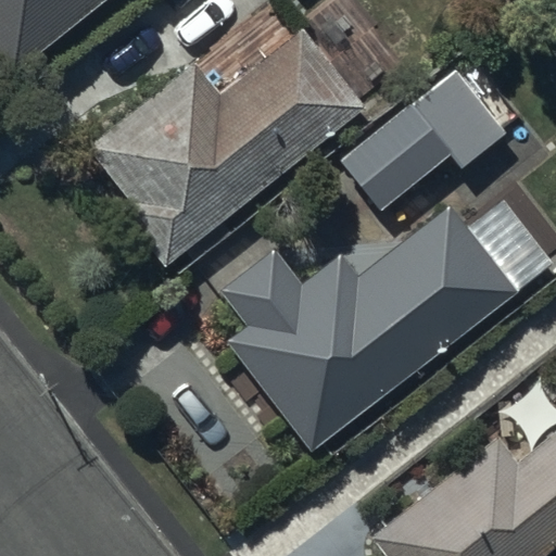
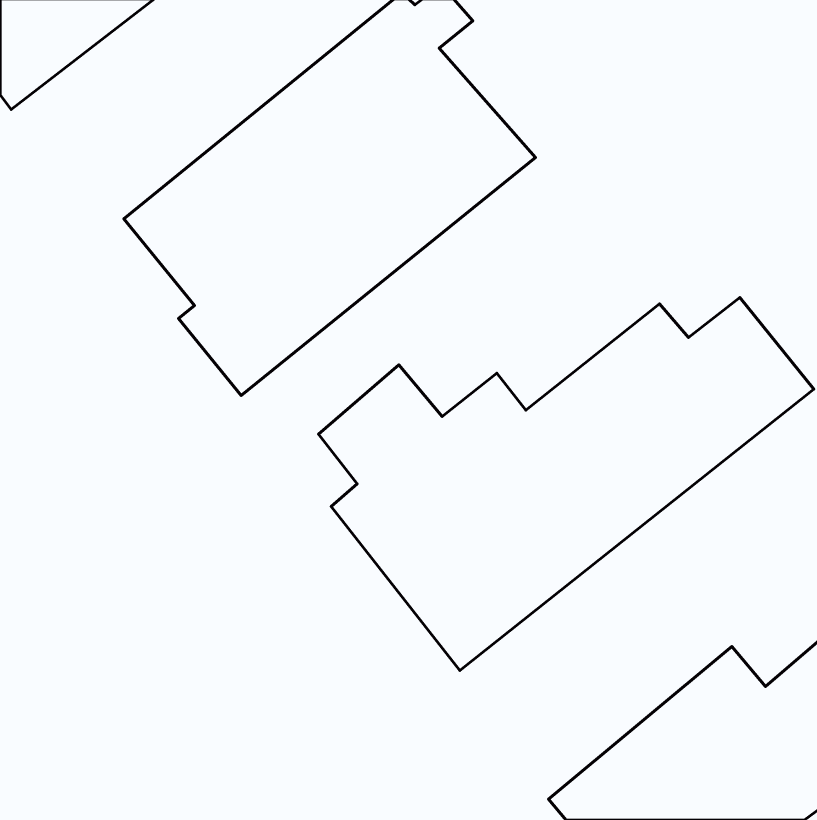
building: [341,71,507,213] -> none

